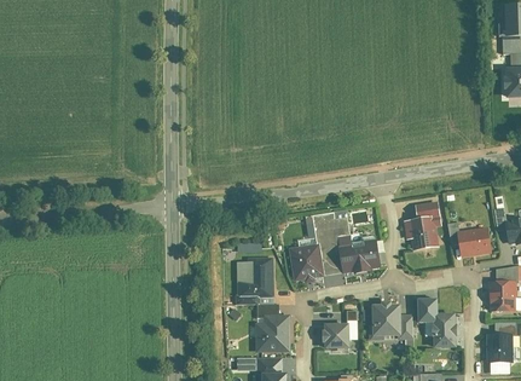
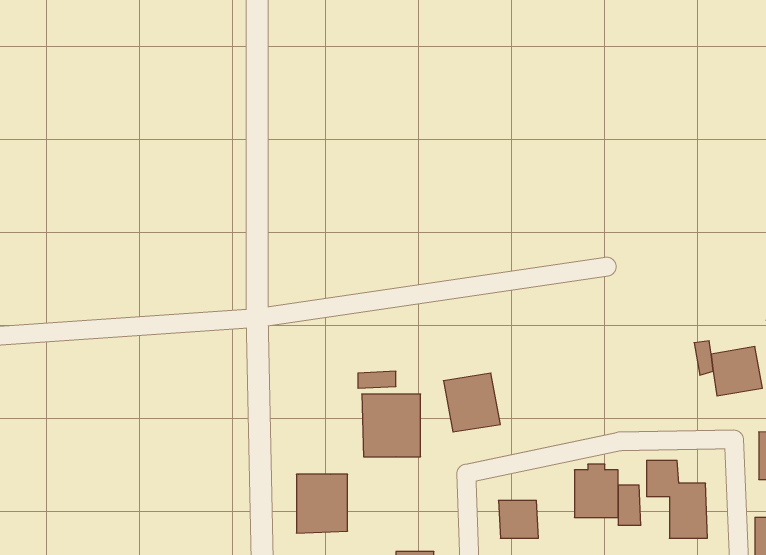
building: [404,201,441,250] -> none
building: [337,239,380,273] -> none
building: [256,314,289,352] -> [296,474,348,533]

